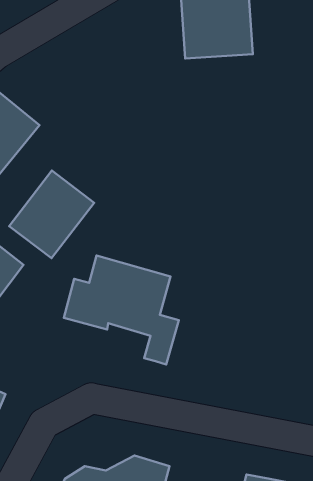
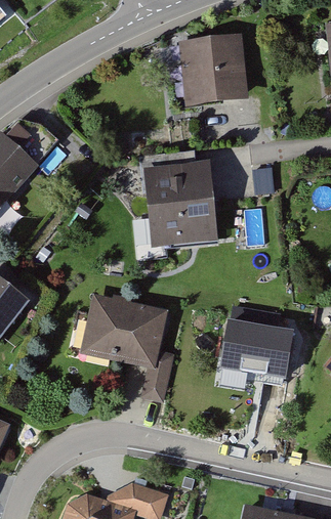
building: none -> [144,160,218,244]
building: [9,171,94,258] -> none
building: none -> [223,319,294,378]

